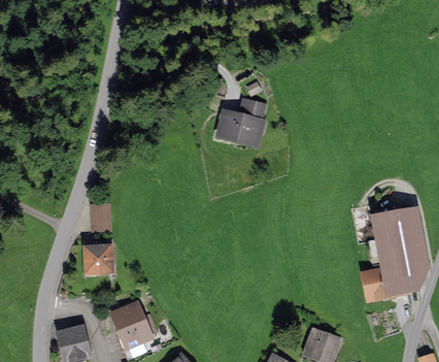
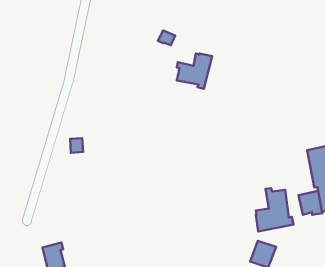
building: [85,244,111,272] -> none
building: none -> [256,188,293,231]
building: [114,304,156,347] -> none

